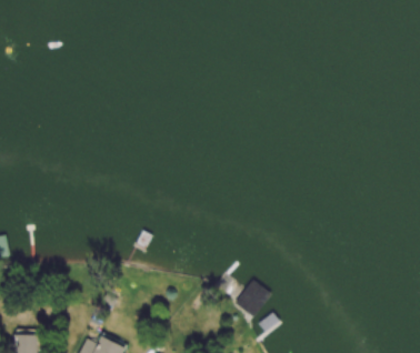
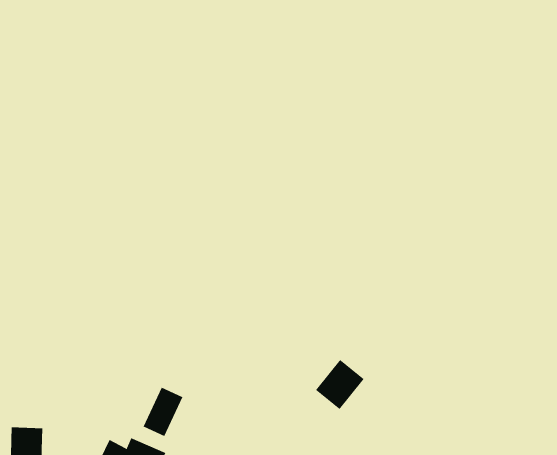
building: none -> [143,387,183,437]

